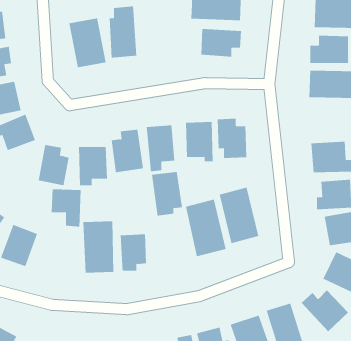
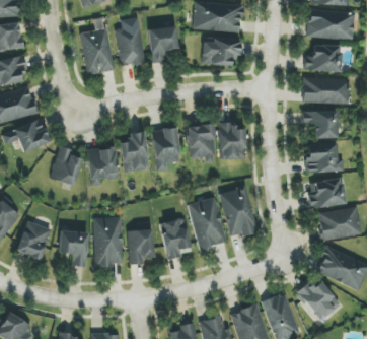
building: none -> [147,25,177,63]
building: none -> [301,111,337,138]
building: [151,171,183,216] -> [160,218,190,260]
building: [51,189,81,227] -> [59,231,87,267]

